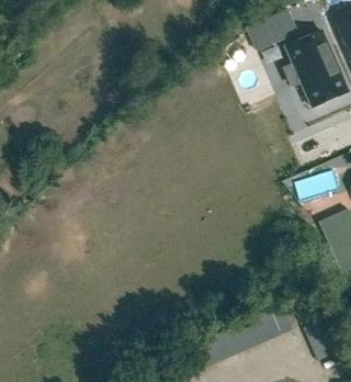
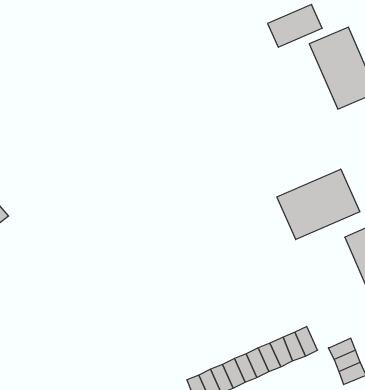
building: none -> [277,169,360,240]

